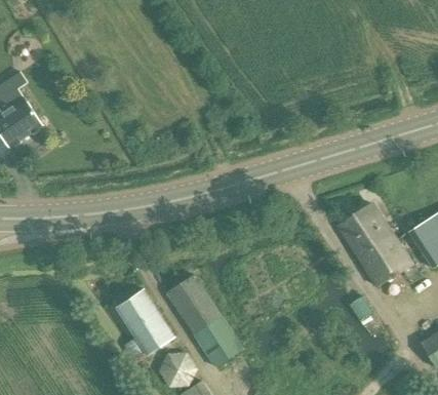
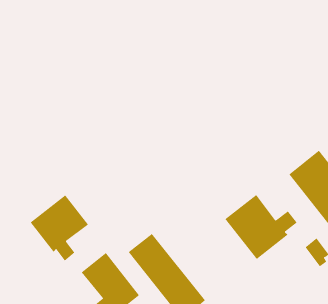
building: none -> [30,194,89,261]
building: none -> [224,194,298,260]

